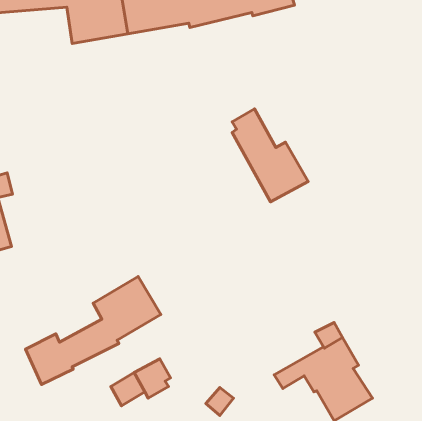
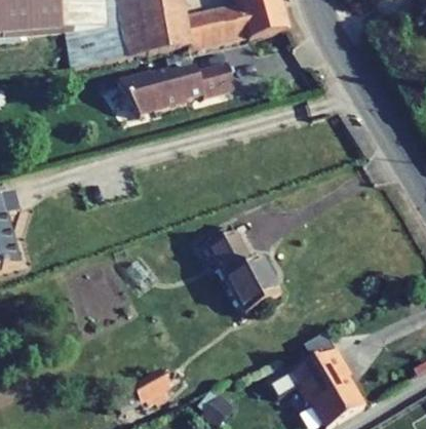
building: none -> [118,62,235,112]
building: [232,109,308,202] -> [209,222,282,311]
building: [25,277,161,385] -> none

